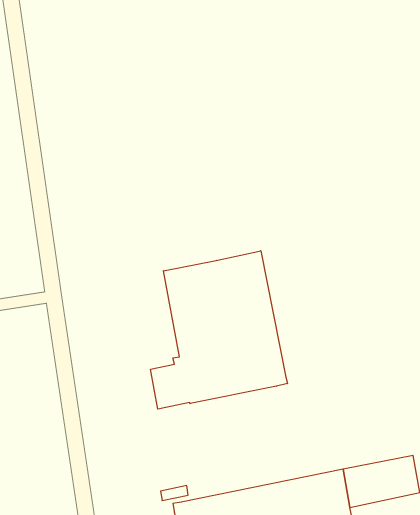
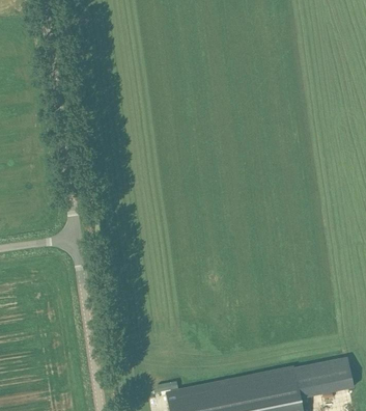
building: [151,251,287,409] -> none

